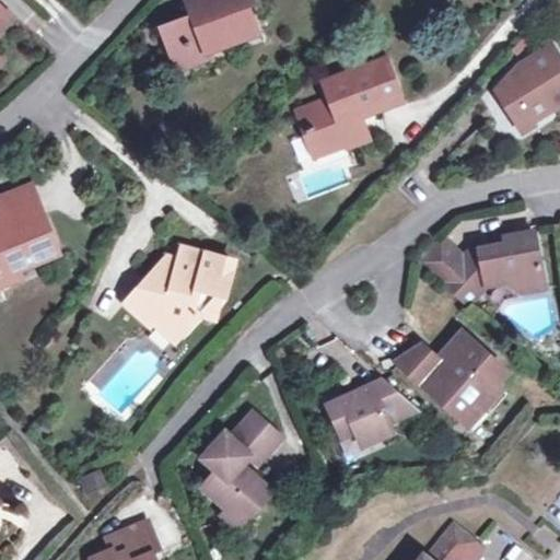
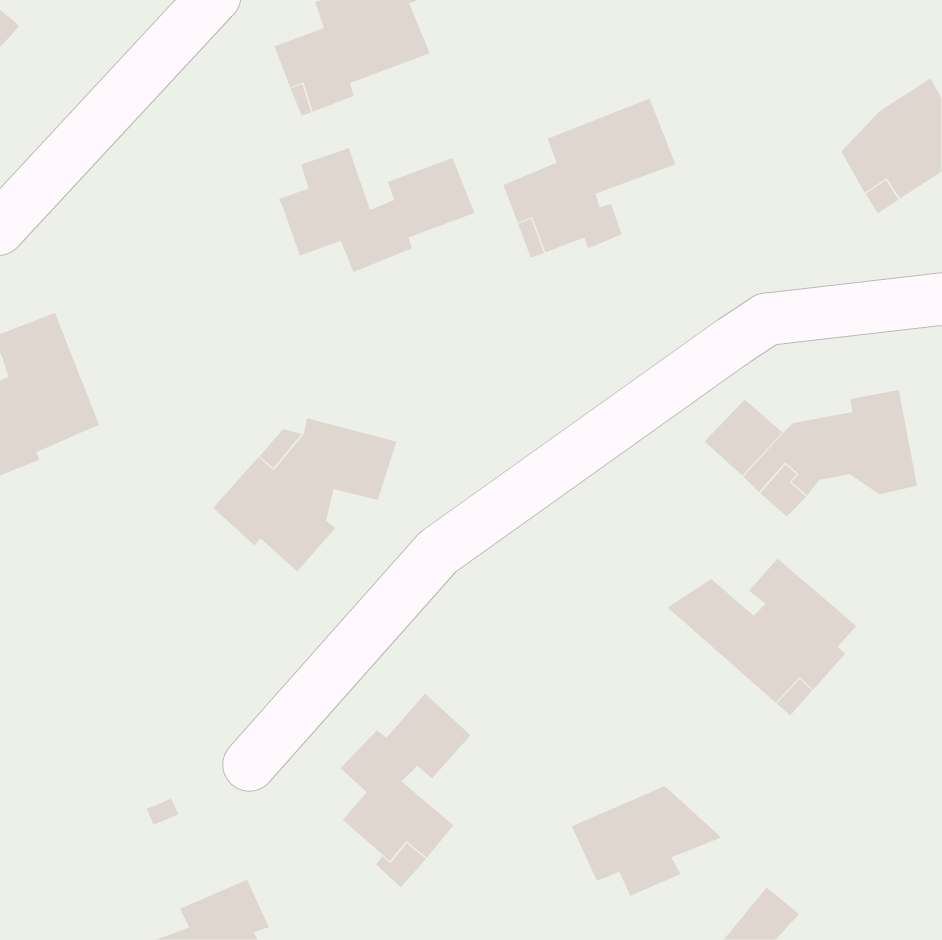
building: none -> [278,147,475,273]
building: [327,378,417,444] -> [571,786,722,896]

